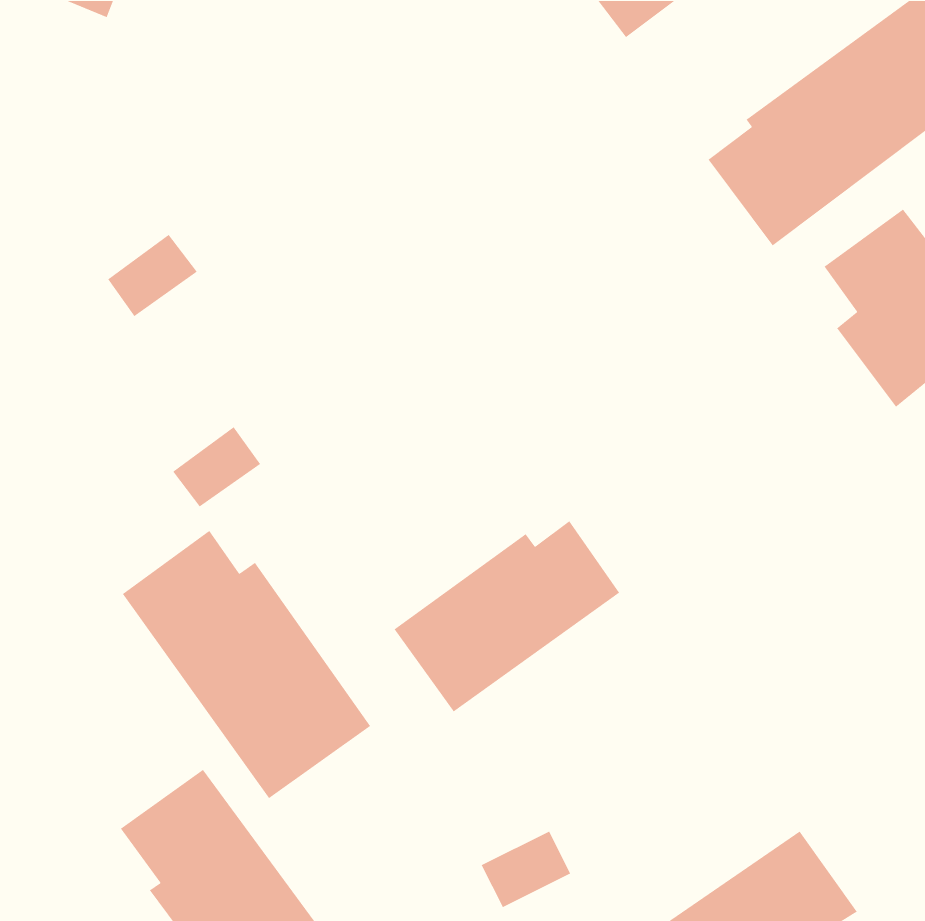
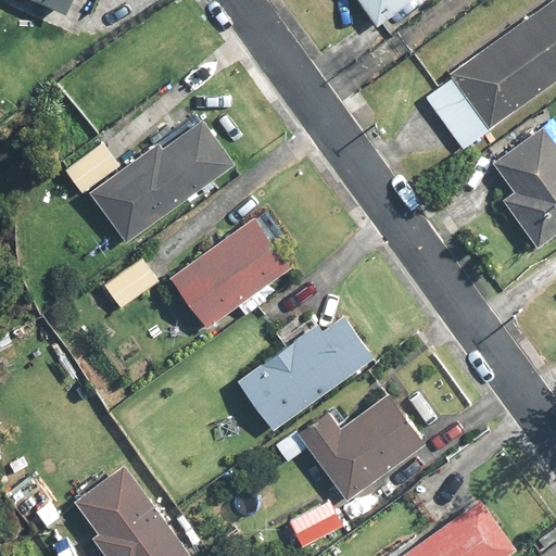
building: none -> [89,119,235,242]
building: none -> [168,217,289,328]
building: [122,530,371,799] -> none
building: none -> [275,393,425,500]

